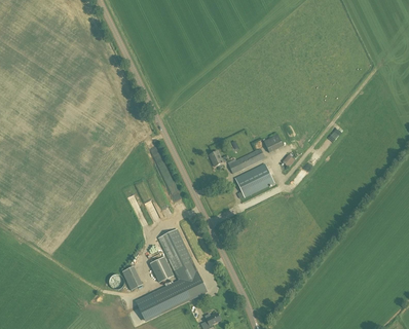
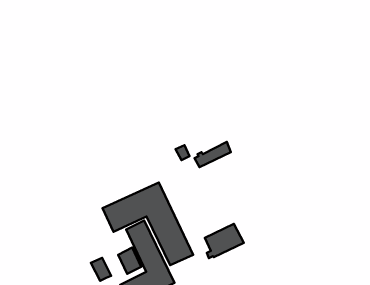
building: [234,163,274,198] -> [205,224,244,258]
building: none -> [103,182,193,265]

